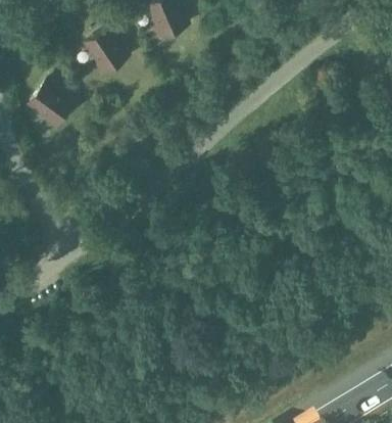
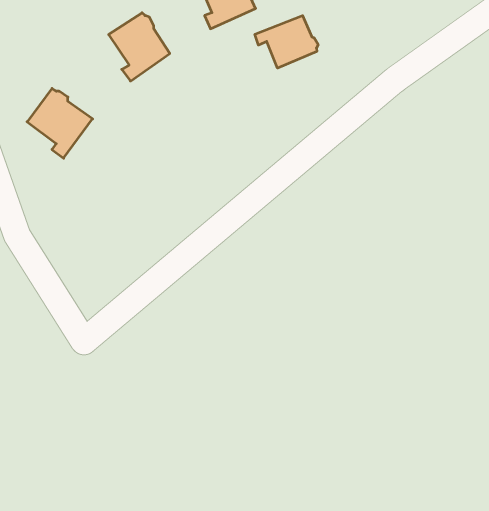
building: none -> [255,16,318,68]

